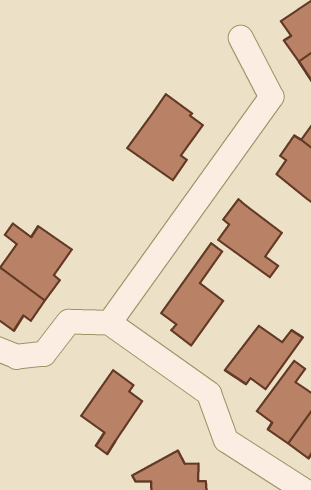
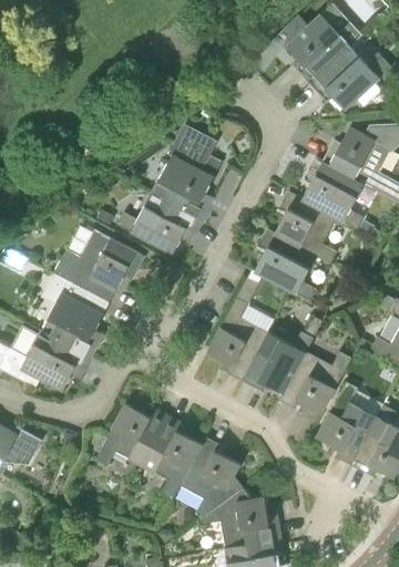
building: none -> [116,193,201,252]
building: none -> [275,190,337,262]
building: none -> [60,229,143,301]
building: none -> [242,316,323,392]
building: none -> [95,402,167,465]
building: none -> [180,435,243,517]

